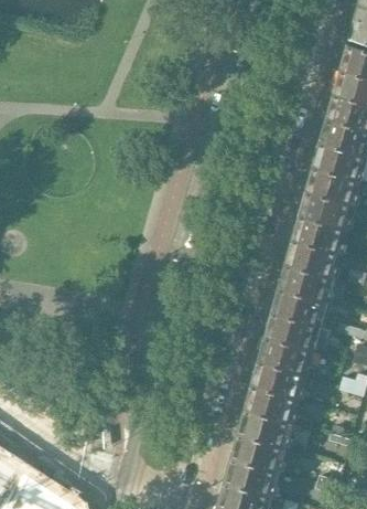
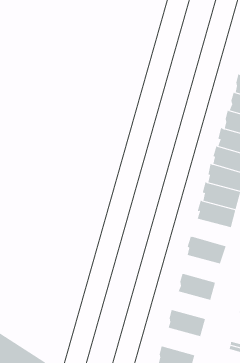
building: [268,312,321,350] -> none
building: [253,361,306,399] -> none
building: [242,411,293,447] -> none
building: [229,458,280,496] -> none

